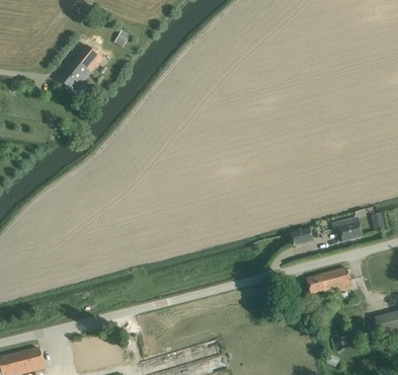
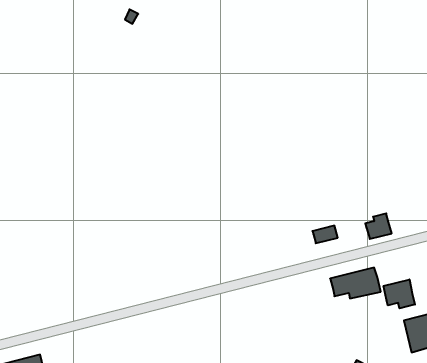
building: [59,45,102,88] -> none
building: none -> [384,279,415,308]

